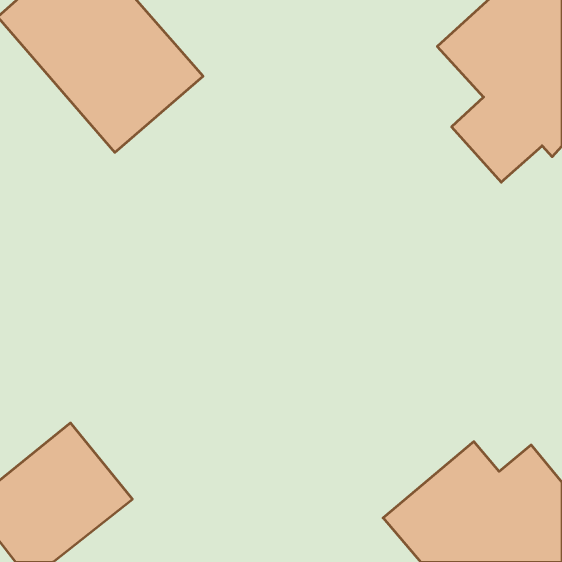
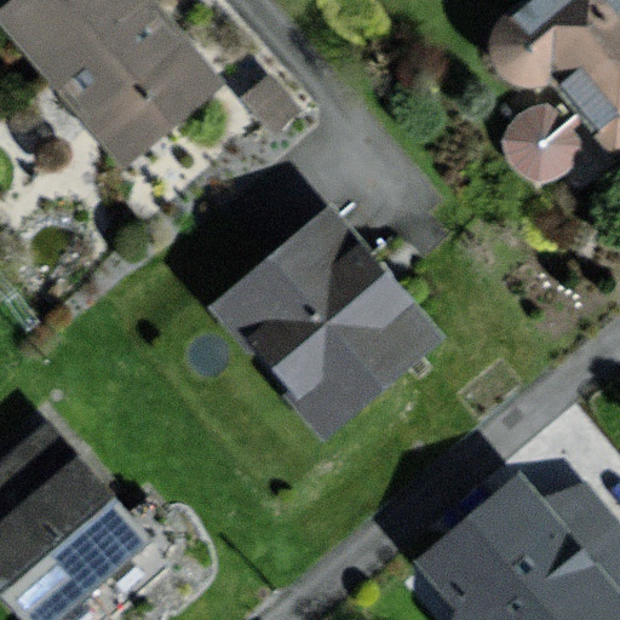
building: none -> [217,207,441,431]

